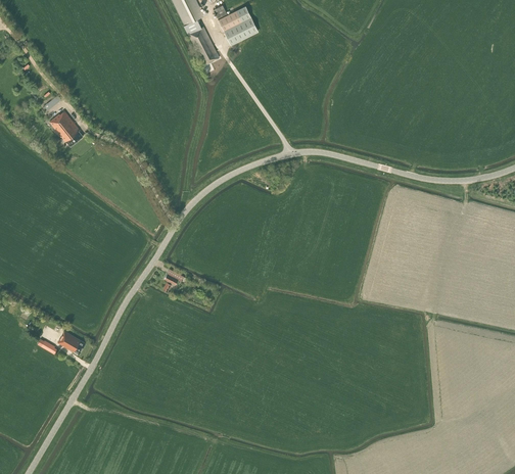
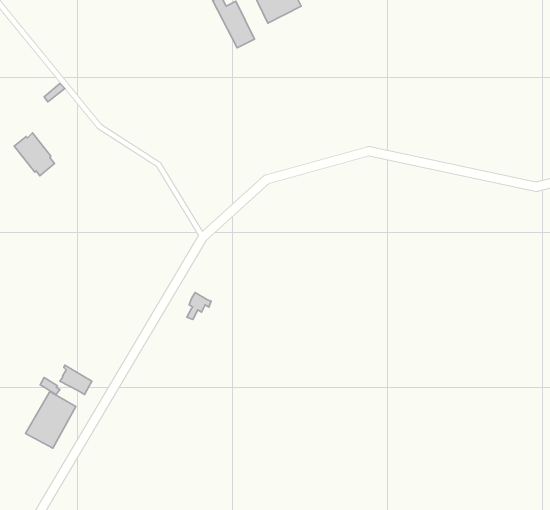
building: [49,109,83,145] -> [14,133,55,176]
building: none -> [26,392,76,448]

